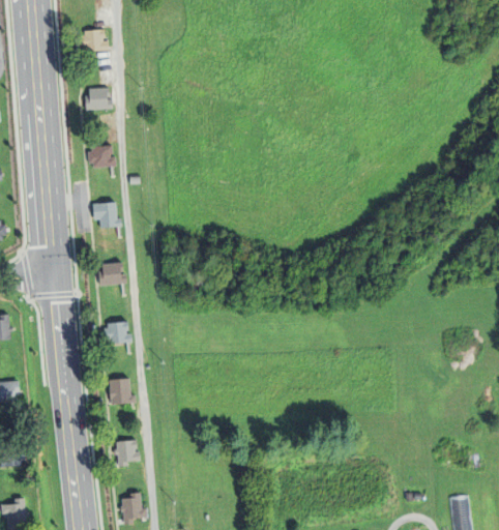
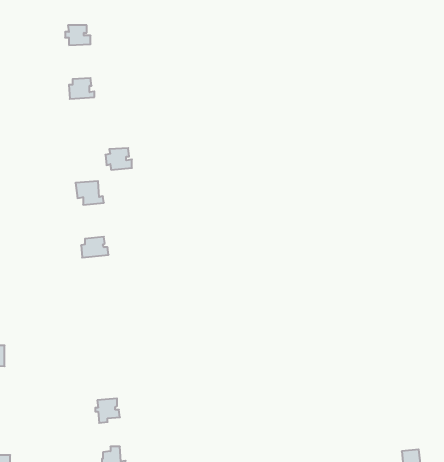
building: [87,145,116,169] -> [105,148,132,170]
building: [102,320,133,343] -> none
building: [108,377,136,403] -> none

